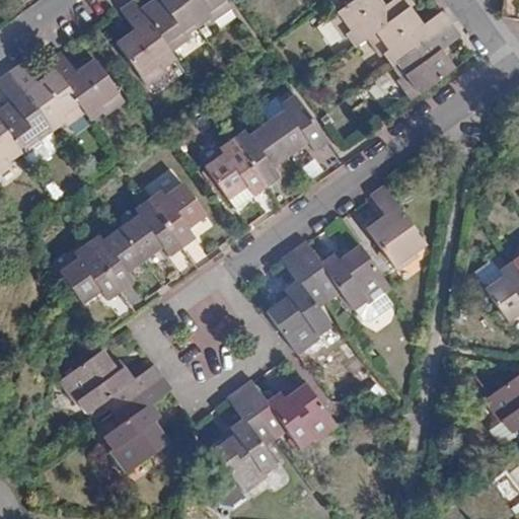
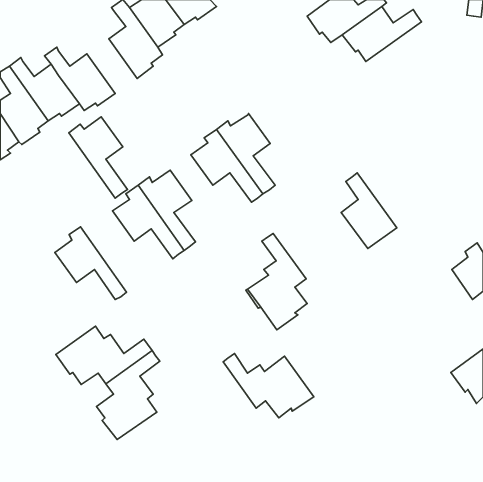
building: [392,23,460,99] -> none
building: [267,93,344,172] -> none
building: [86,226,149,313] -> [69,117,128,198]
building: [293,241,389,310] -> none
building: [213,388,277,493] -> none

